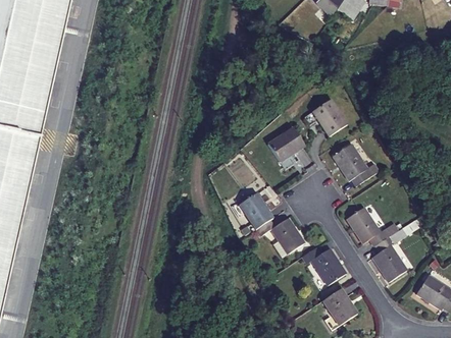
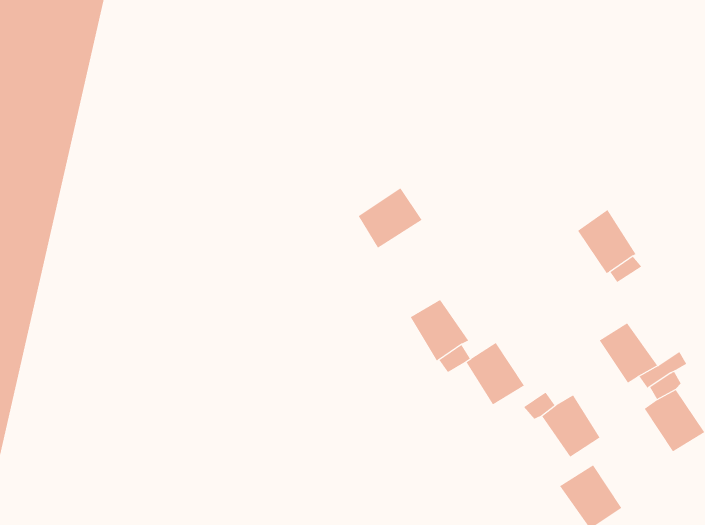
building: [313,100,348,136] -> none
building: [269,127,306,162] -> [358,187,423,249]

